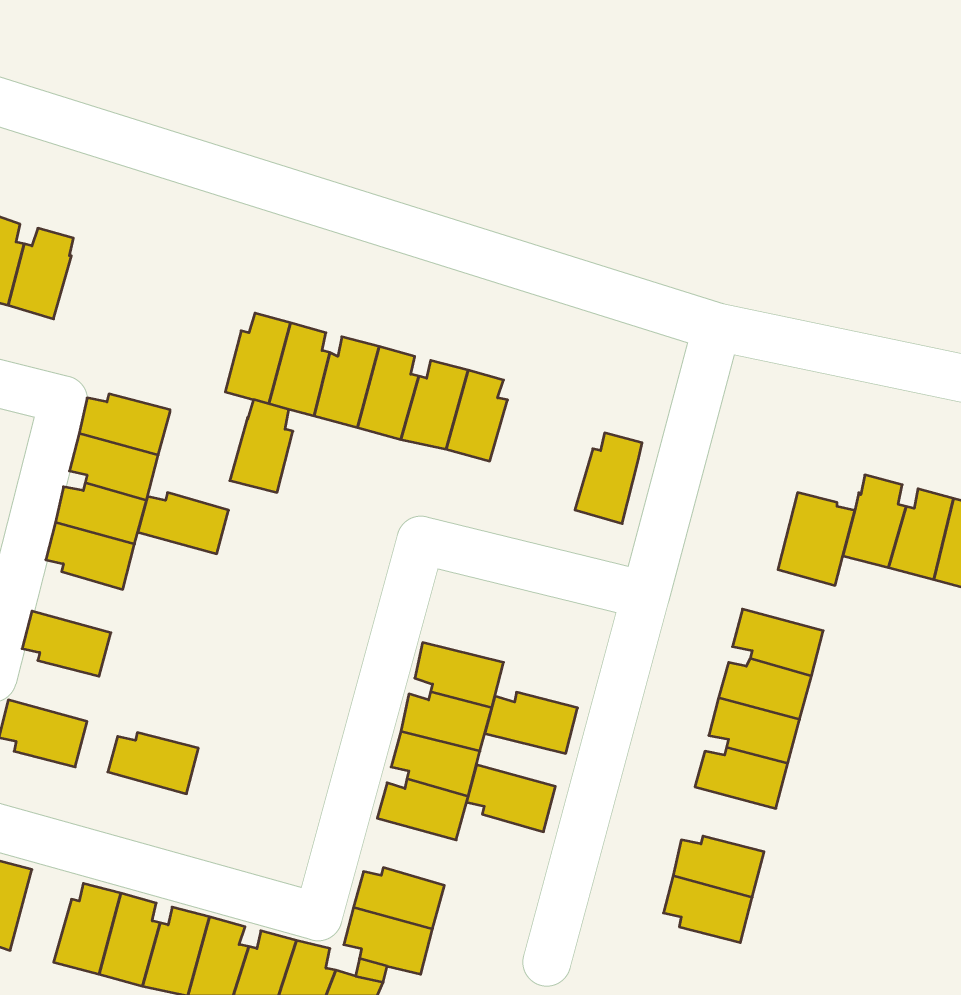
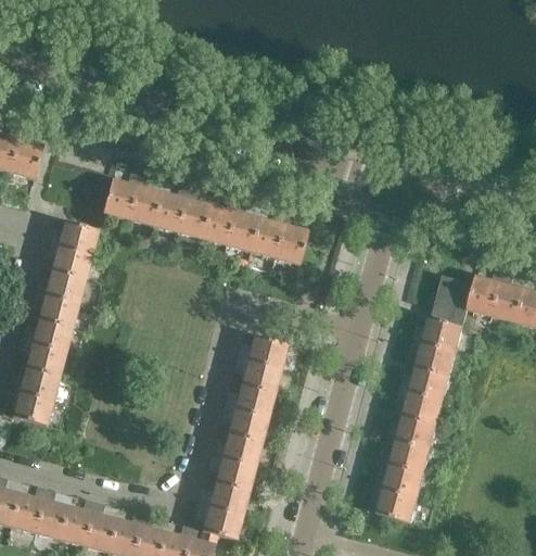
building: [230,400,293,492] -> [102,170,137,222]
building: [575,433,642,524] -> [273,217,310,267]
building: [138,493,229,554] -> [22,320,72,354]
building: none -> [412,319,463,353]
building: [485,692,578,753] -> [237,337,288,370]
building: [108,733,198,794] -> [9,369,59,403]
building: [467,765,555,832] -> [206,456,255,493]
building: none -> [382,439,431,475]
building: none -> [10,484,43,535]

